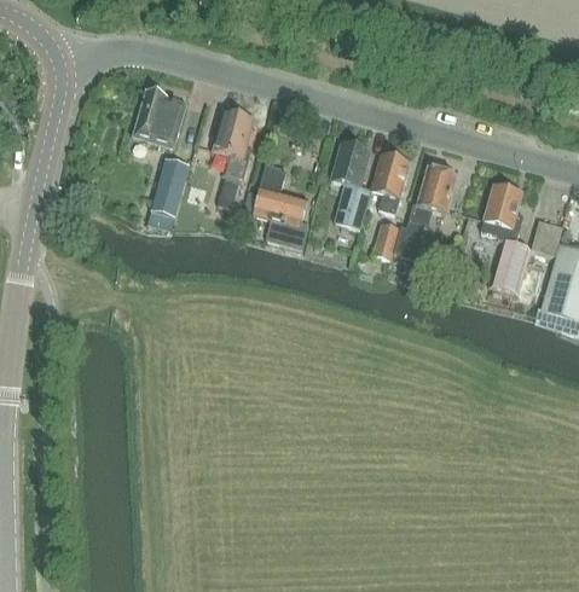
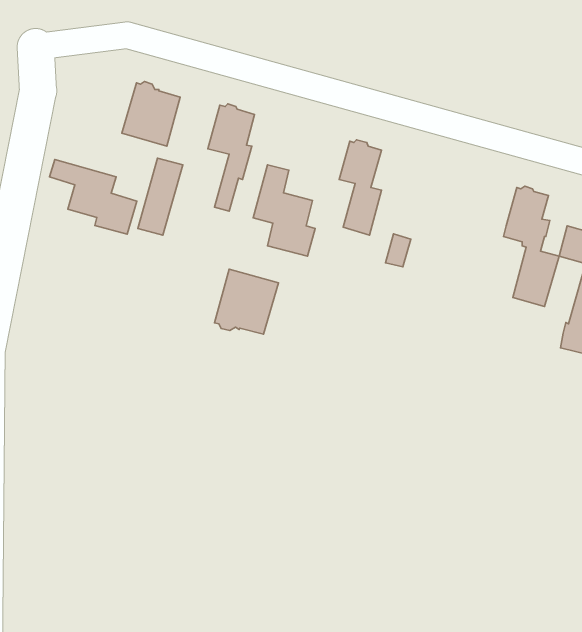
building: [371,151,409,211] -> none
building: none -> [49,159,137,234]
building: [390,164,457,266] -> none
building: none -> [214,269,279,334]

